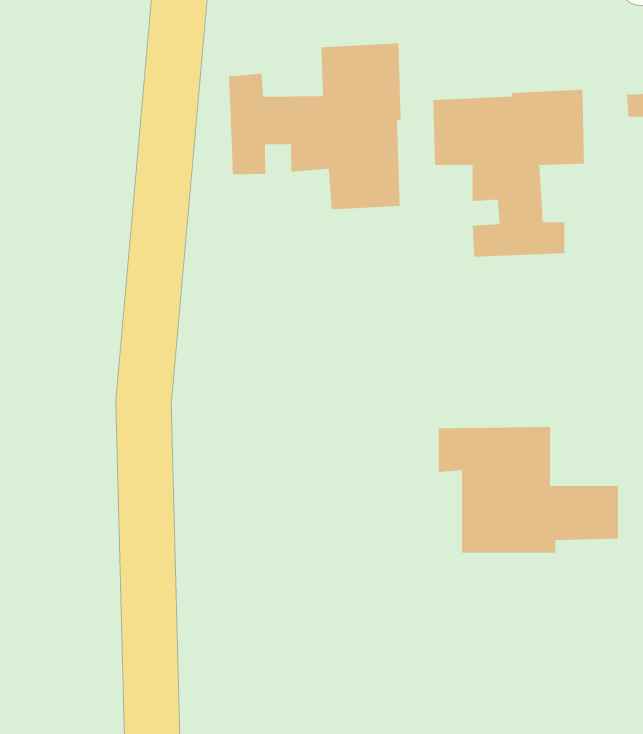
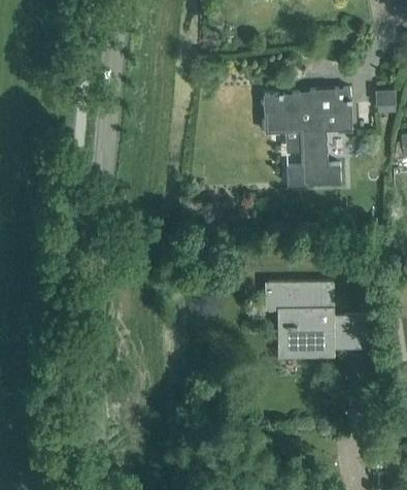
building: [228,42,402,210] -> none

